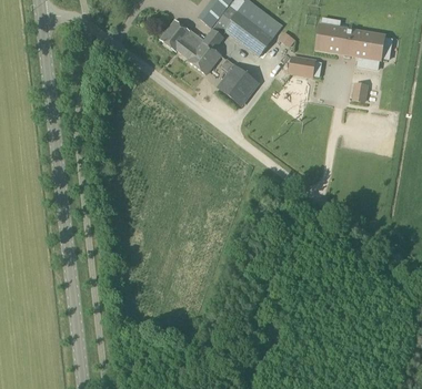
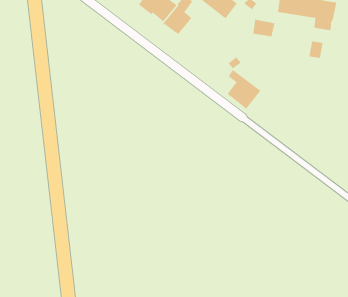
building: [219,58,258,103] -> [227,69,261,110]

